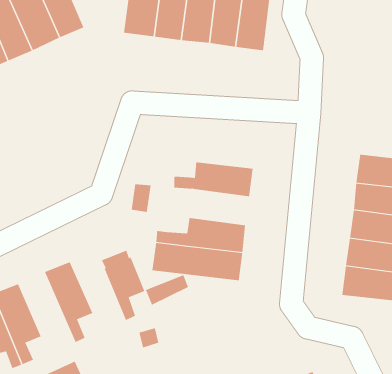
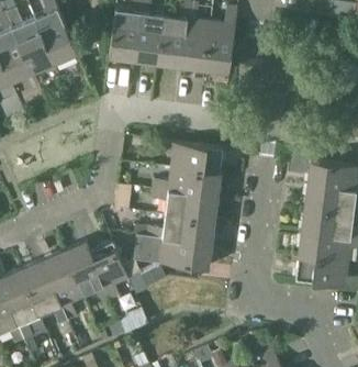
building: none -> [156,141,223,173]
building: none -> [150,189,216,221]
building: none -> [64,242,111,305]
building: none -> [20,260,68,325]

